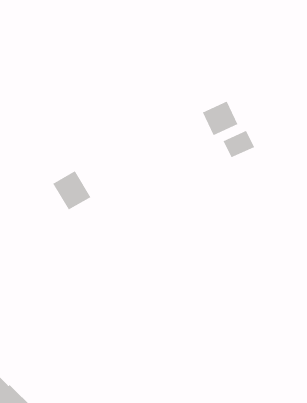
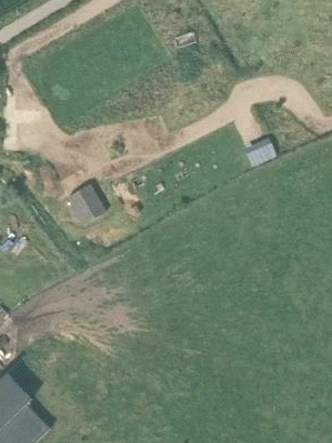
building: [202,101,238,136] -> none

